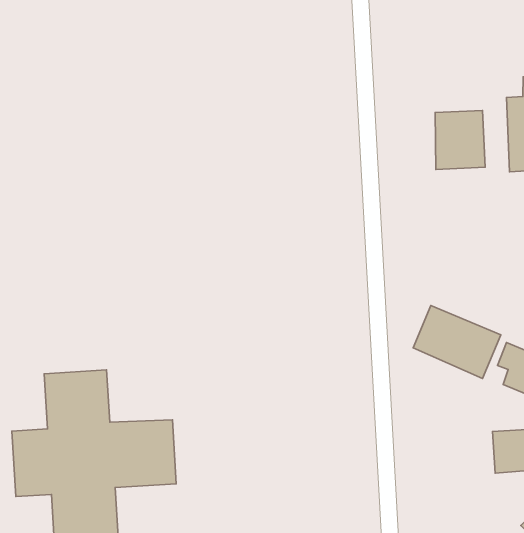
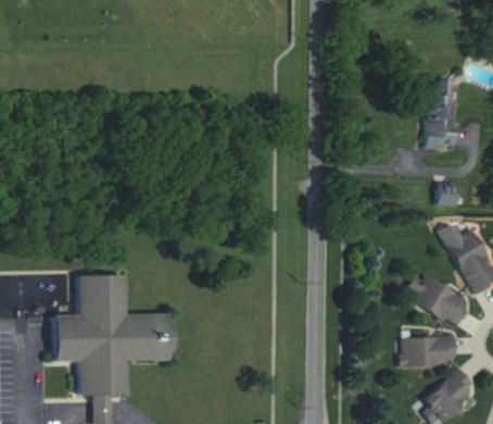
building: [435,110,485,170] -> none
building: [413,306,501,379] -> none

